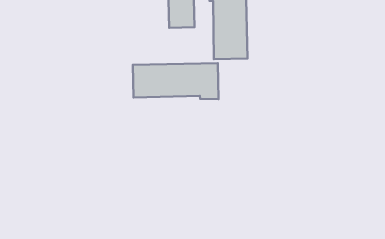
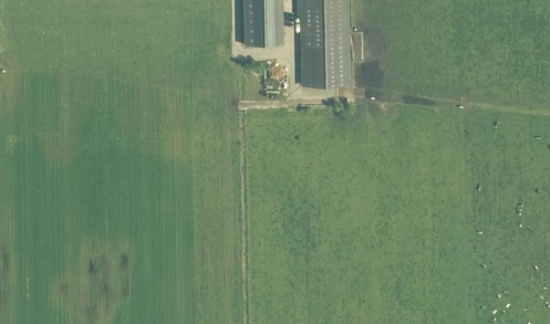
building: [133,63,219,99] -> none

